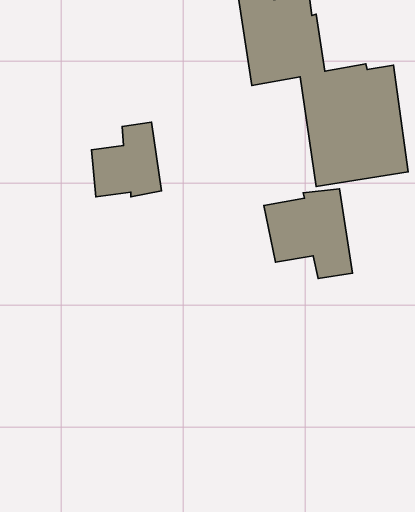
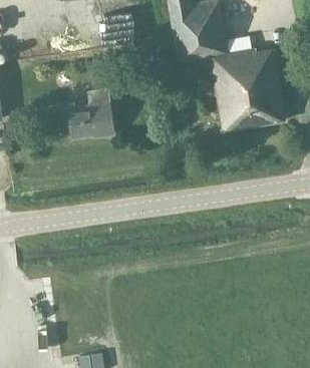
building: [264,189,352,279] -> none

